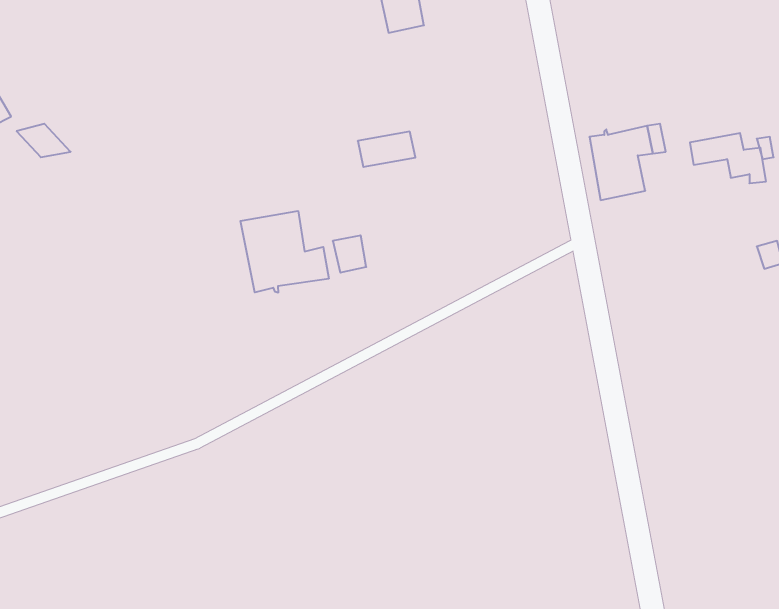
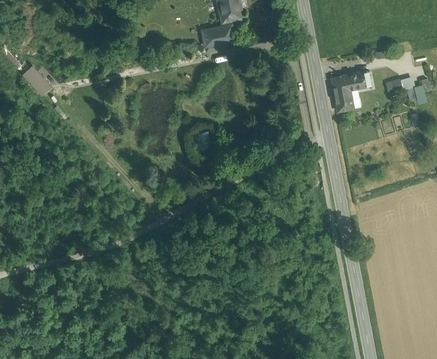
building: [358,132,415,167] -> [202,26,233,45]
building: [240,211,329,293] -> none

